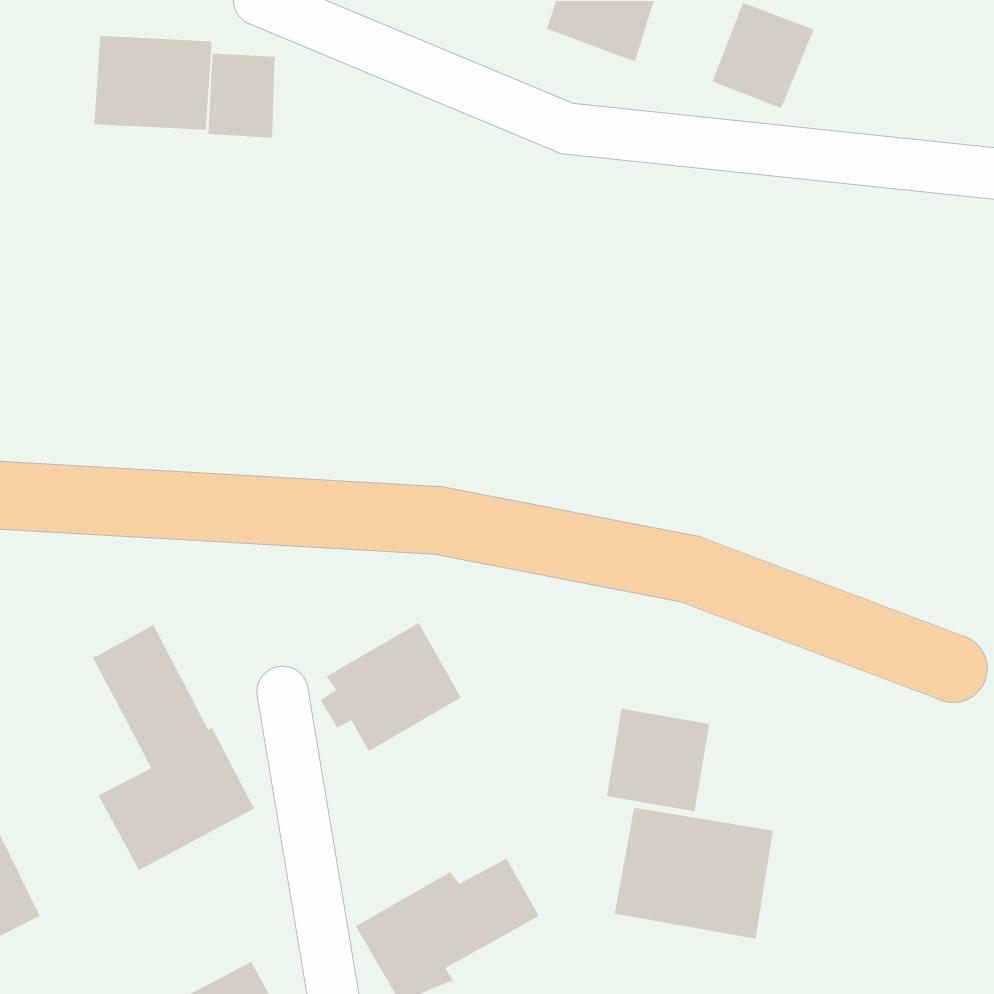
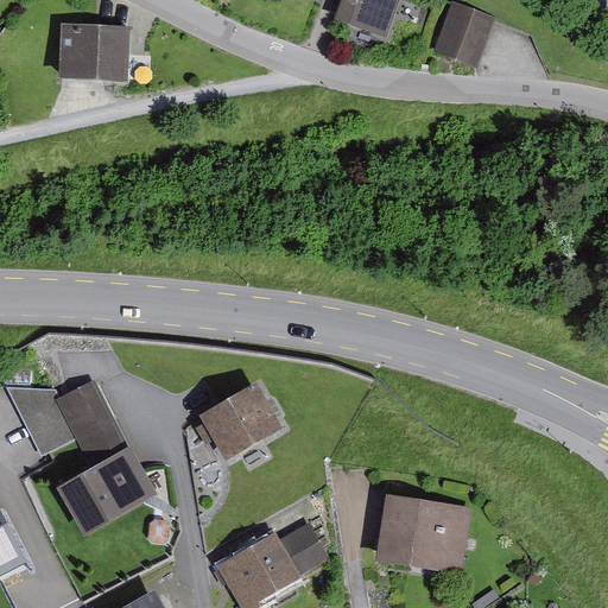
building: [207,53,275,139] -> none
building: none -> [5,387,77,457]
building: [606,708,710,812] -> none

